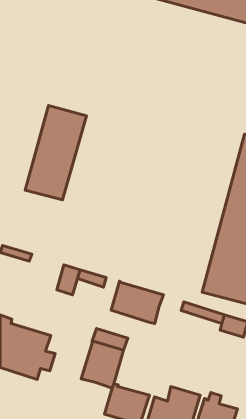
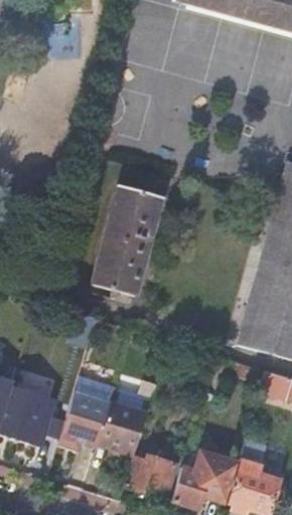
building: [25,106,87,200] -> [92,185,163,295]
building: [111,281,163,324] -> none
building: none -> [60,392,110,447]

